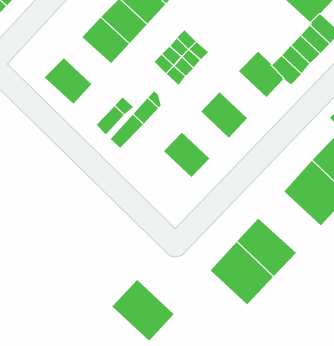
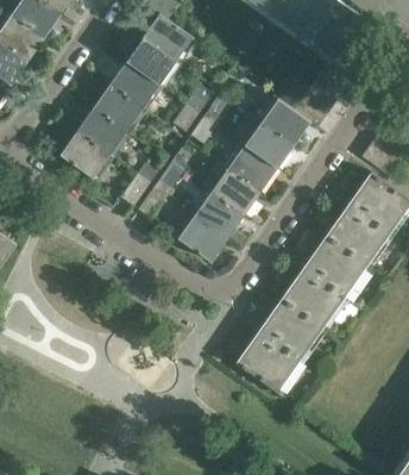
building: none -> [77,107,127,155]
building: none -> [244,120,294,168]
building: none -> [203,163,260,215]
building: none -> [177,214,227,262]
building: none -> [302,239,369,301]
building: [112,279,175,341] -> [237,332,303,395]

